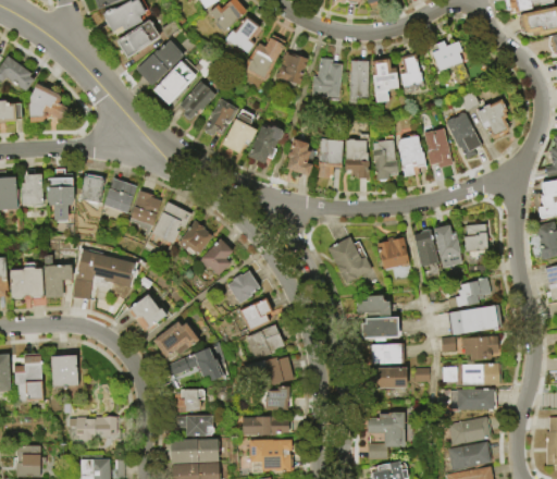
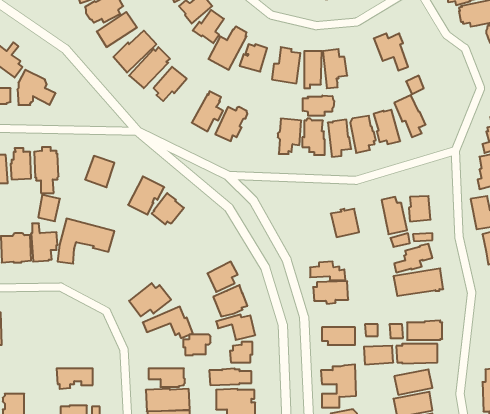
building: [395,57,418,89] -> none
building: [203,98,238,136] -> none
building: [478,99,510,138] -> none
building: none -> [303,95,334,116]
building: [287,139,313,175] -> none
building: [81,174,104,204] -> [38,195,60,221]
building: [131,192,161,226] -> none
building: [413,230,437,267] -> none
building: [326,237,371,284] -> none
building: [199,240,233,277] -> none
building: [227,270,260,304] -> none
building: [126,295,165,332] -> none
building: [462,336,498,360] -> none
building: [368,346,400,367] -> [364,346,393,364]
building: [15,354,44,402] -> none
building: [52,355,79,386] -> none
building: [175,389,206,412] -> [183,335,211,355]

